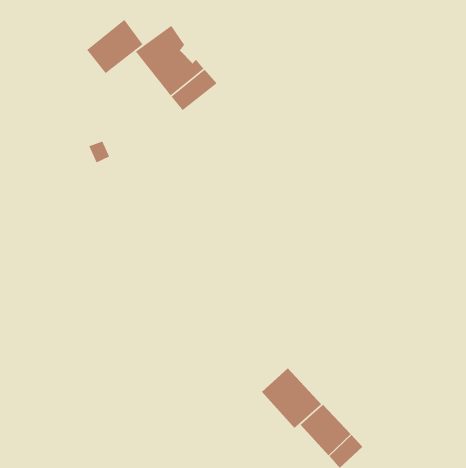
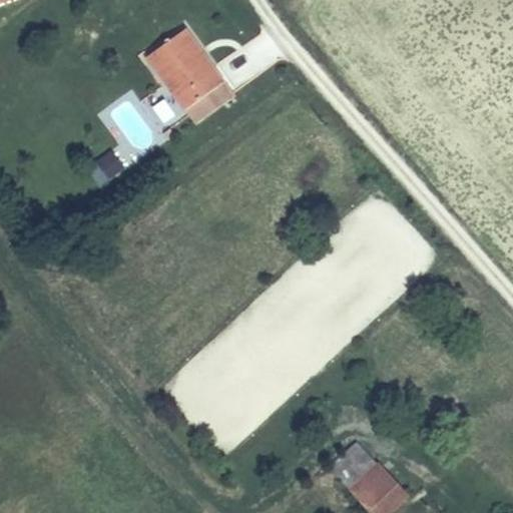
building: [86,19,144,74] -> none
building: [261,367,322,429] -> none

